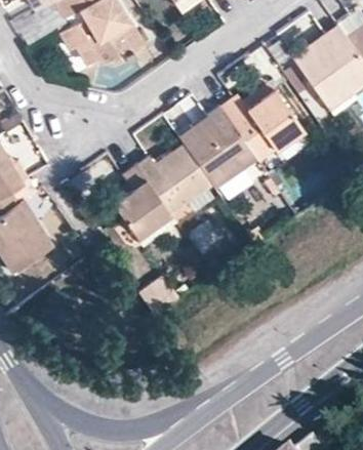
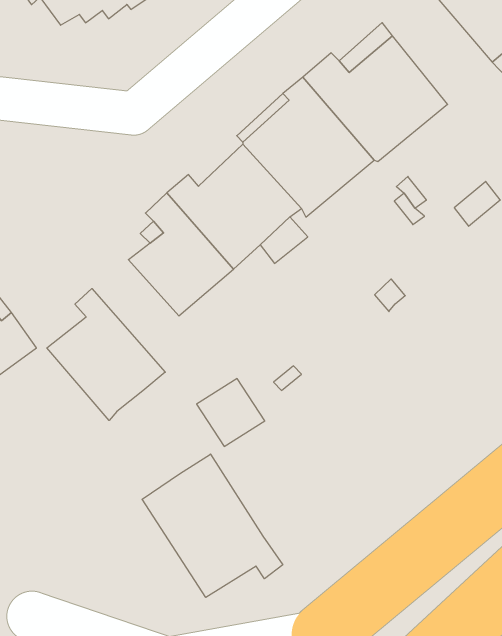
building: none -> [47,289,165,420]
building: none -> [142,454,283,597]

